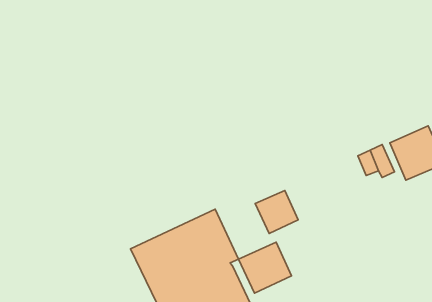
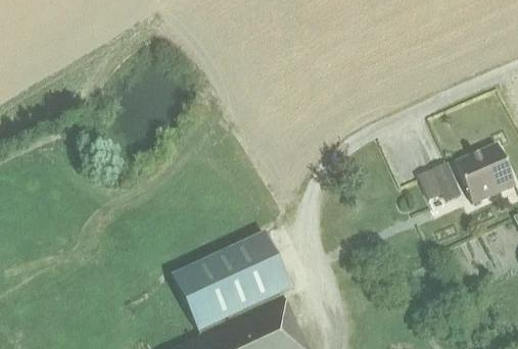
building: [255,191,298,233] -> none
building: [239,242,292,293] -> none

